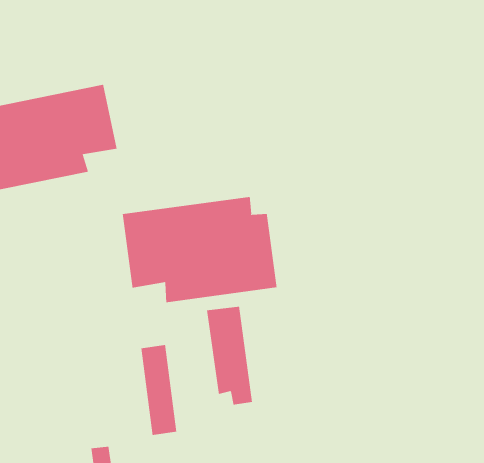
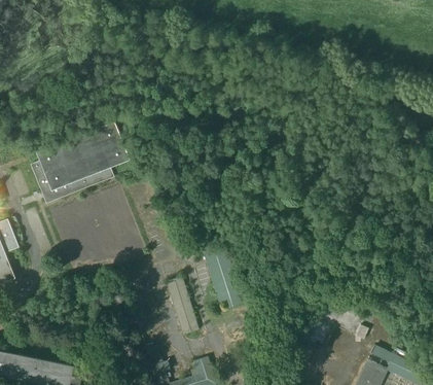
building: [122,196,277,303] -> none

